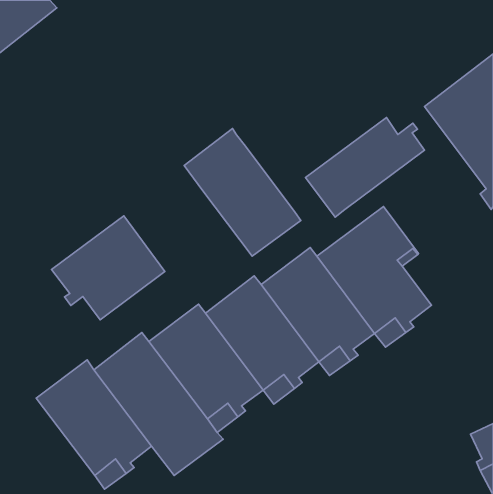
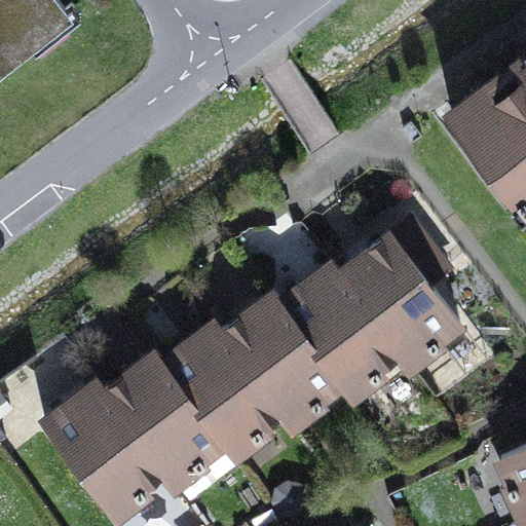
building: [305,117,425,217] -> none
building: [184,128,301,256] -> none
building: [52,216,165,320] -> none

